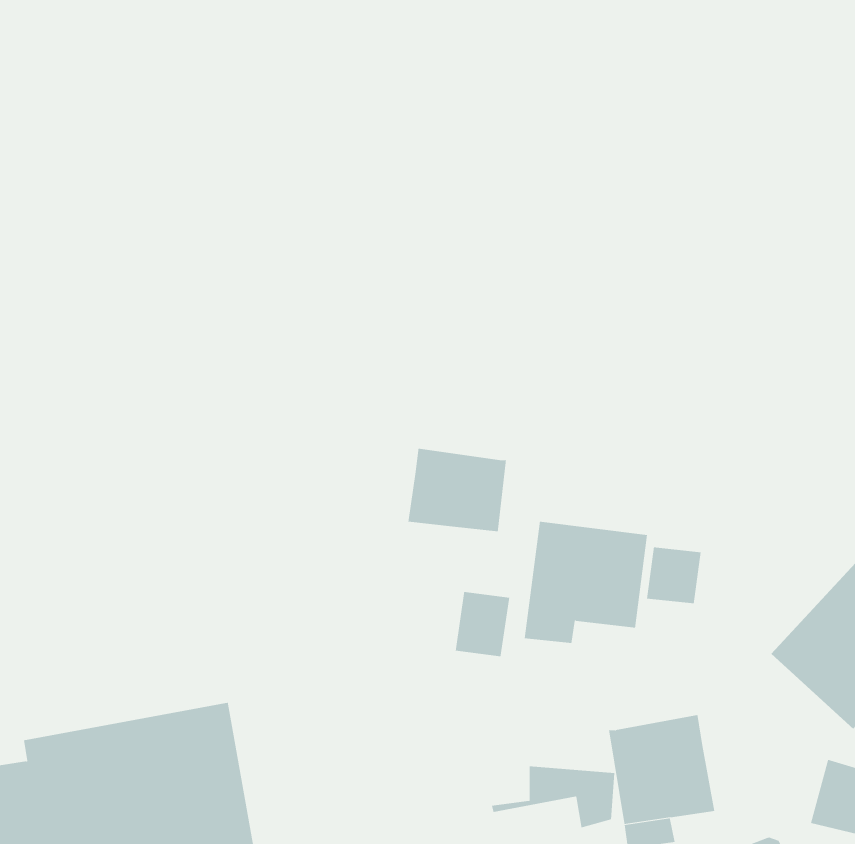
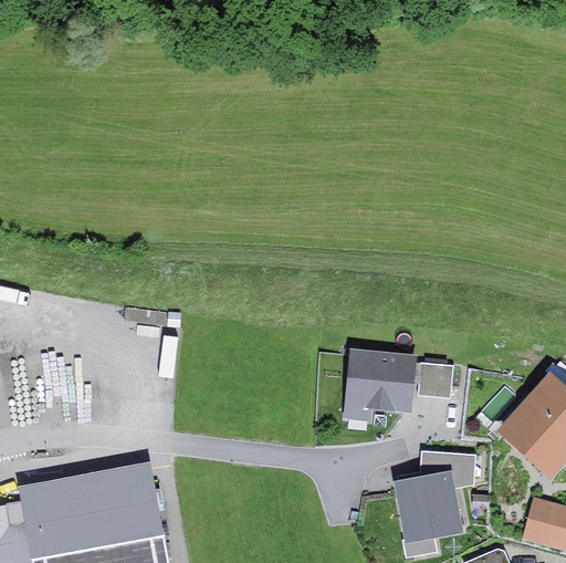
building: [408,448,507,532] -> none
building: [455,591,510,657] -> none
building: [491,766,615,828] -> [397,450,476,490]

